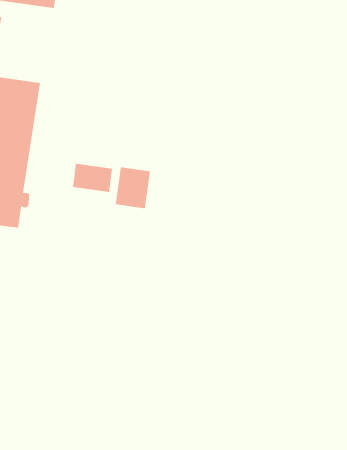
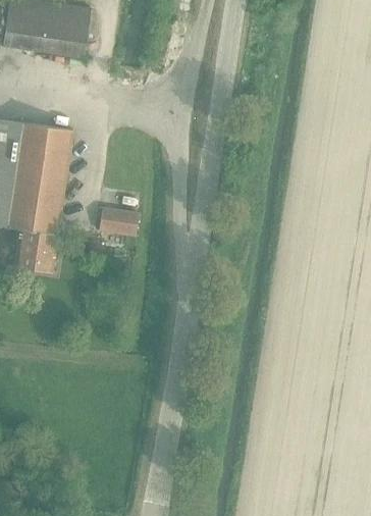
building: [115,167,151,209] -> none

